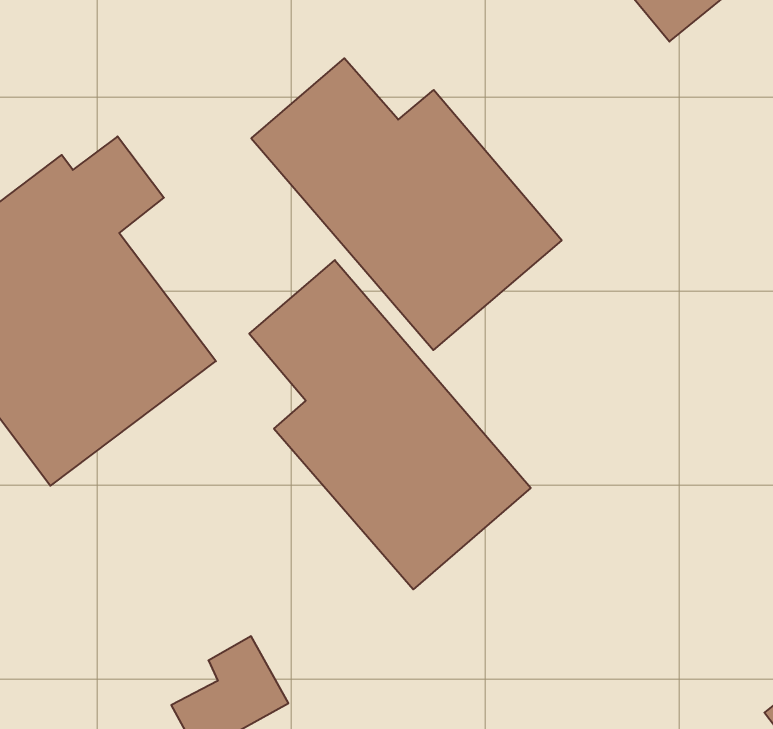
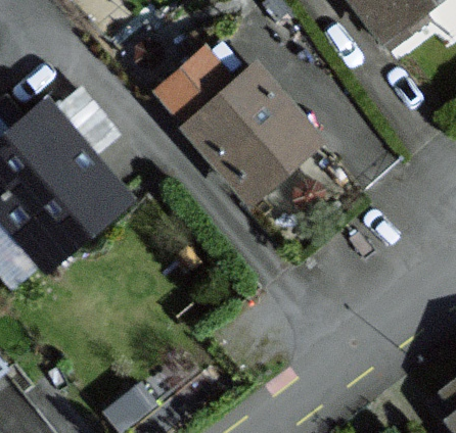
building: [249,260,531,589] -> none

